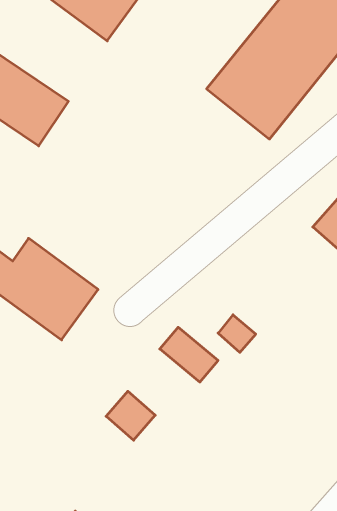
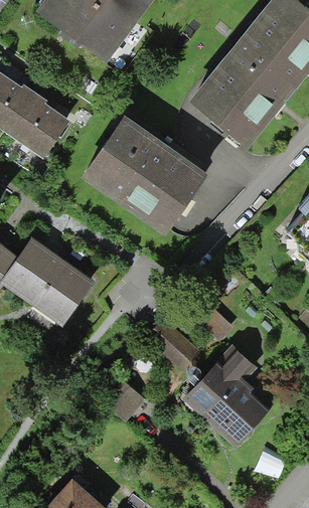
building: none -> [80,123,200,236]
building: none -> [184,347,266,443]

